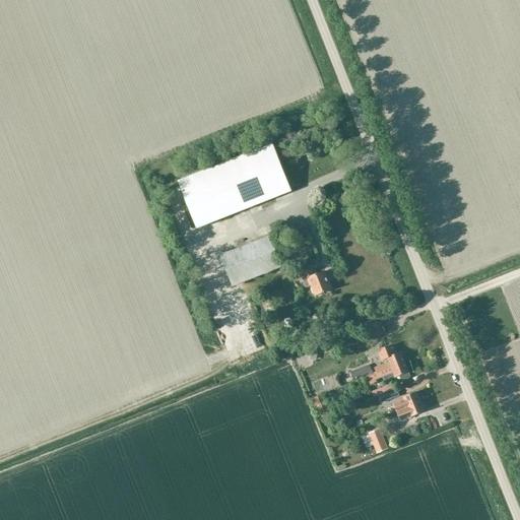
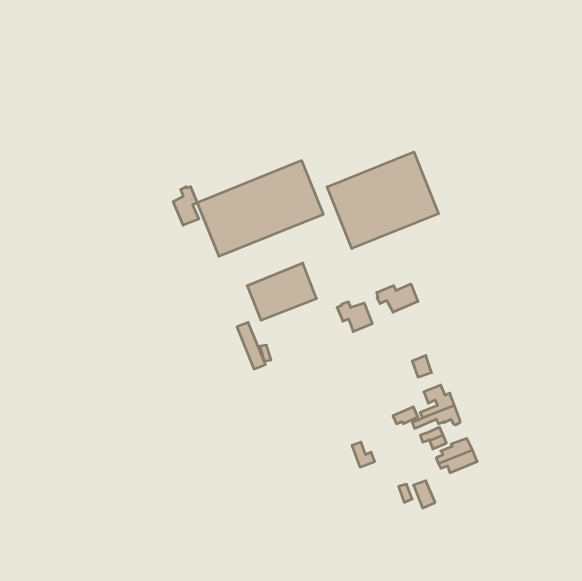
building: none -> [327,152,439,249]
building: none -> [173,187,199,225]
building: none -> [377,284,418,312]

